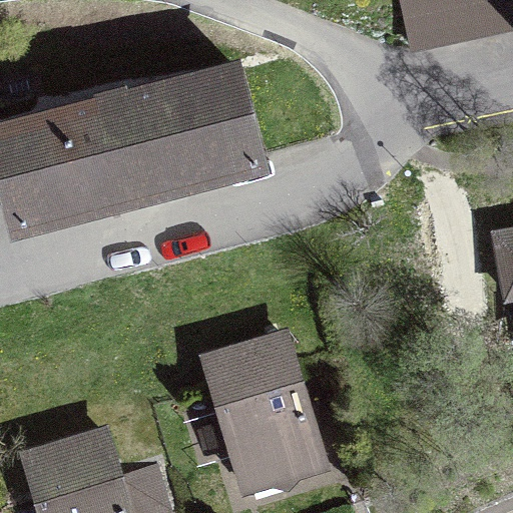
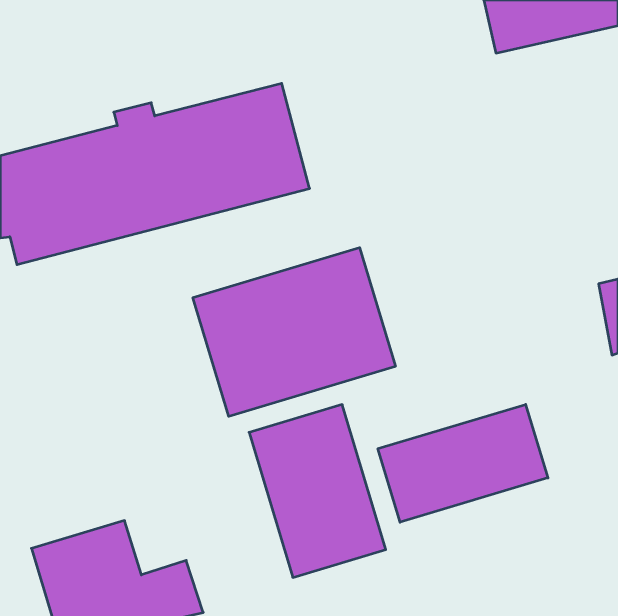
building: none -> [193,248,395,416]
building: none -> [378,404,548,522]

